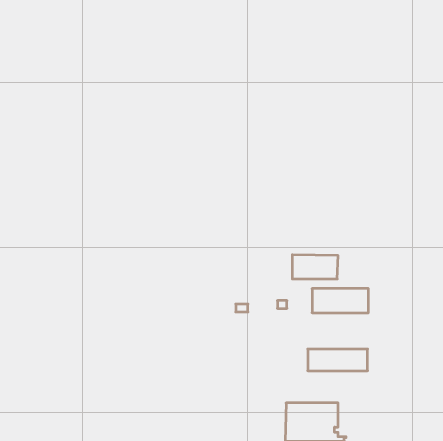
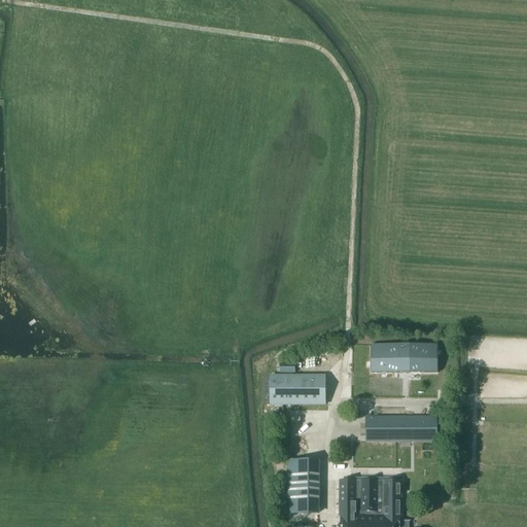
building: [292,255,338,279] -> [271,374,325,402]
building: none -> [288,459,318,512]

